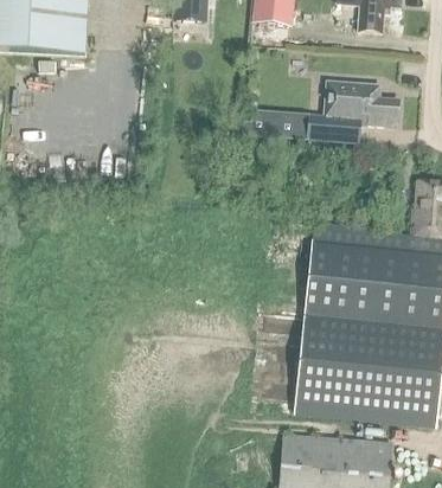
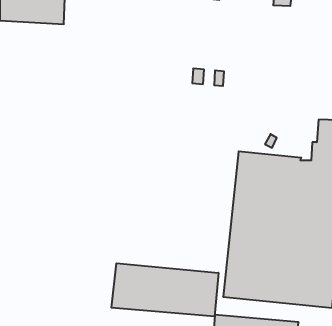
building: [307,81,398,142] -> none
building: none -> [111,263,218,317]

